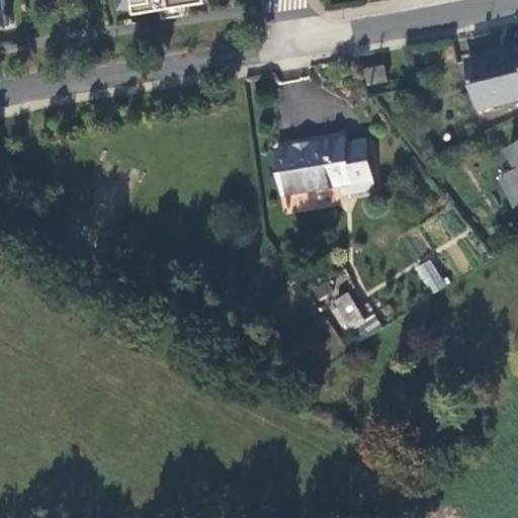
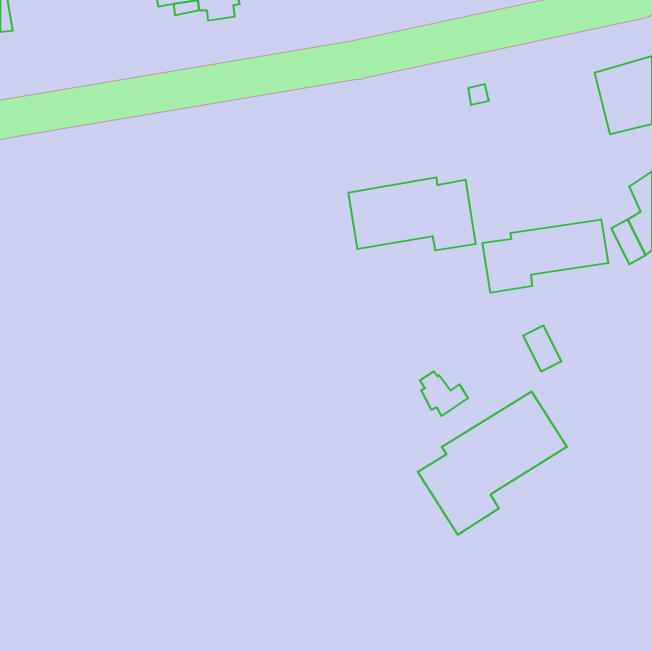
building: none -> [483,219,608,293]
building: none -> [418,391,567,535]

